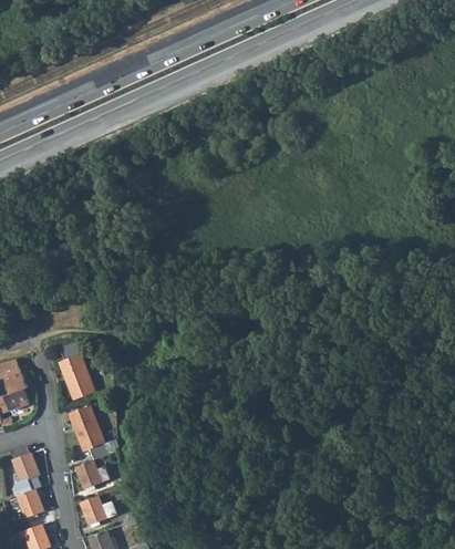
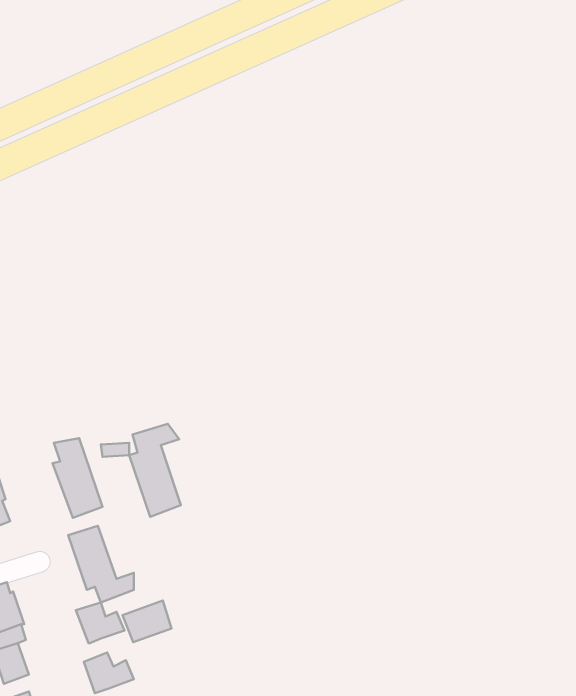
building: none -> [129,424,181,517]
building: none -> [123,600,172,642]

